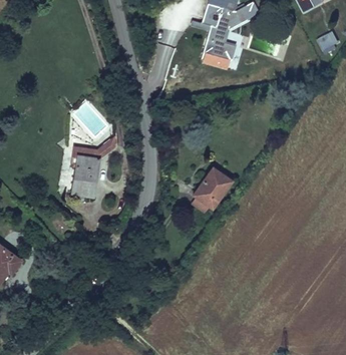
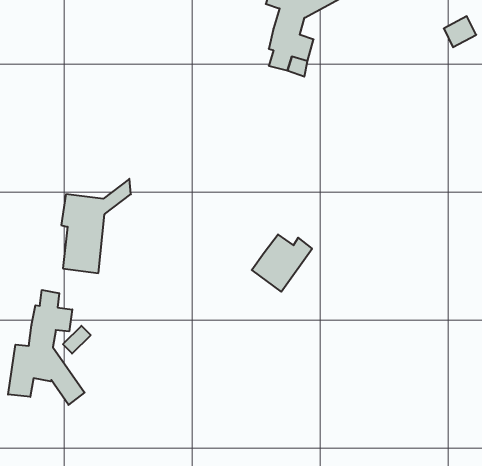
building: none -> [8,290,85,405]

